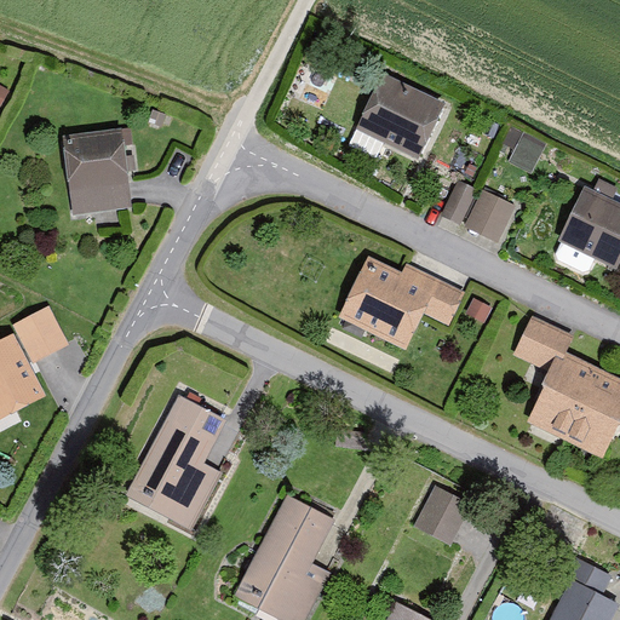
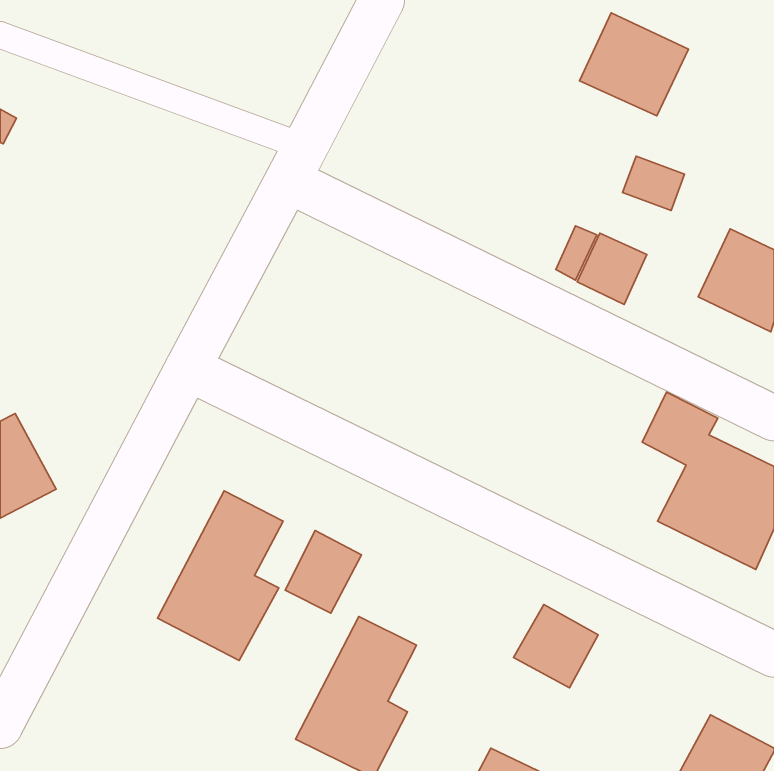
building: [356,74,443,156] -> [579,13,688,116]
building: [64,130,131,217] -> none
building: [337,254,465,349] -> none
building: [16,314,70,369] -> none
building: none -> [285,530,362,613]

